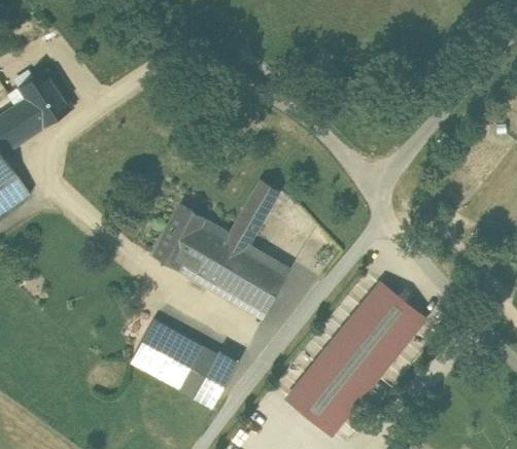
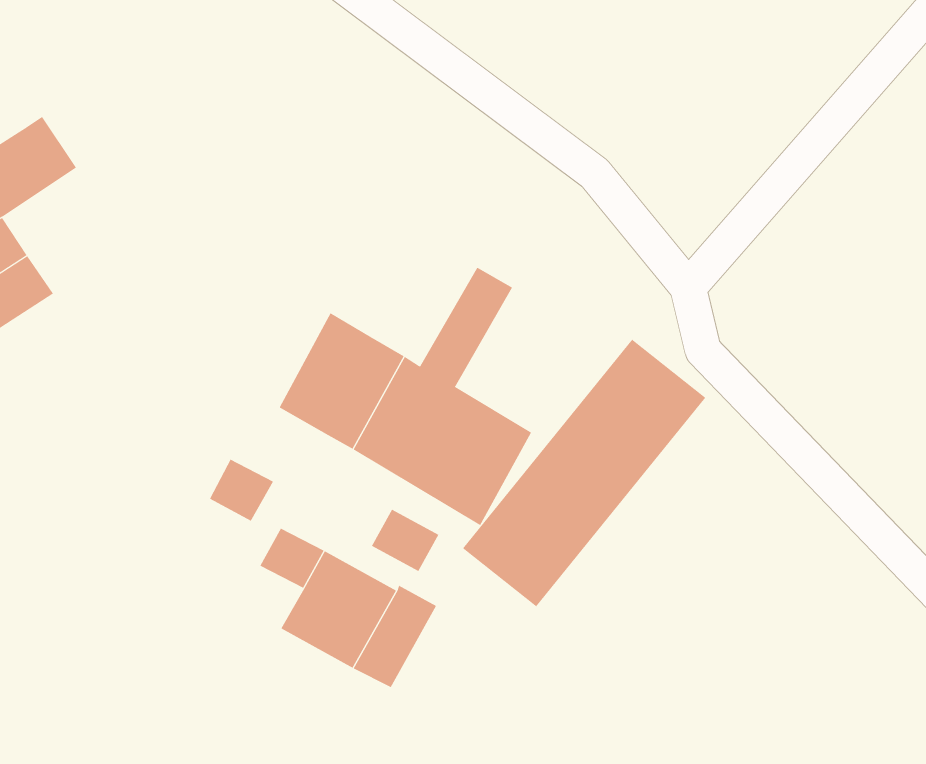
building: [18,69,73,126] -> none
building: [289,285,421,430] -> [462,339,706,607]
building: none -> [371,509,439,572]
building: [131,341,166,375] -> [209,459,274,522]

